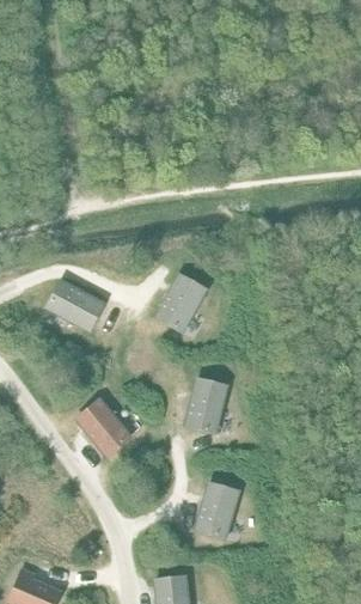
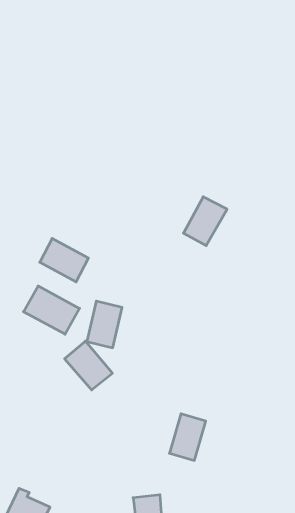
building: [157,274,207,330] -> [183,197,227,246]
building: none -> [23,286,80,334]
building: [185,378,226,432] -> [87,301,122,348]

